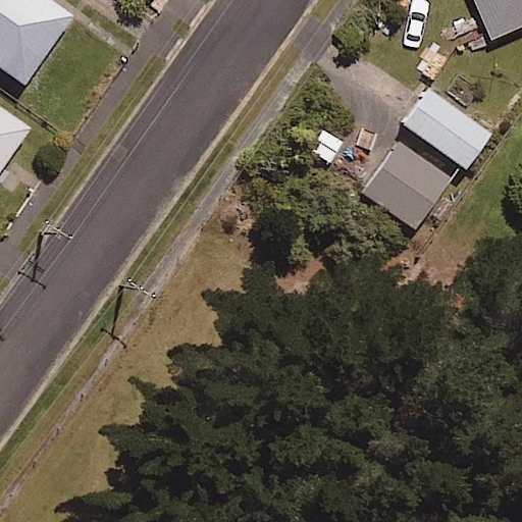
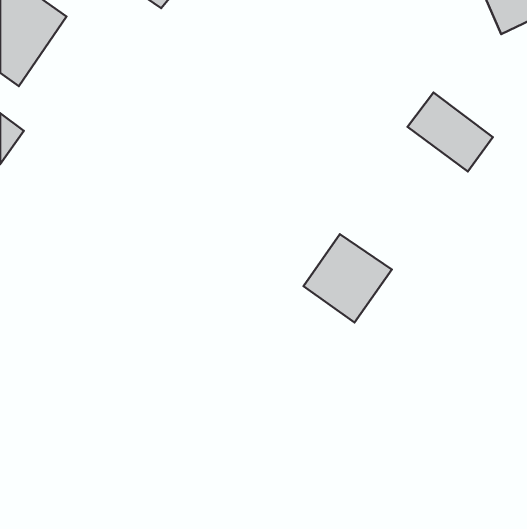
building: [363,142,450,228] -> [303,234,392,323]

